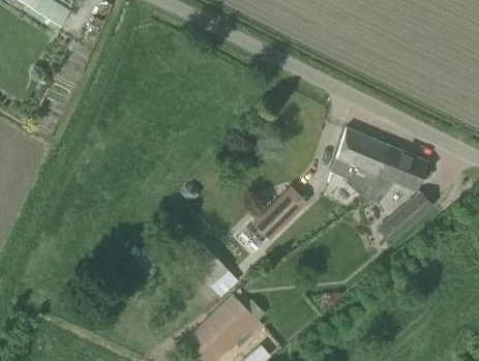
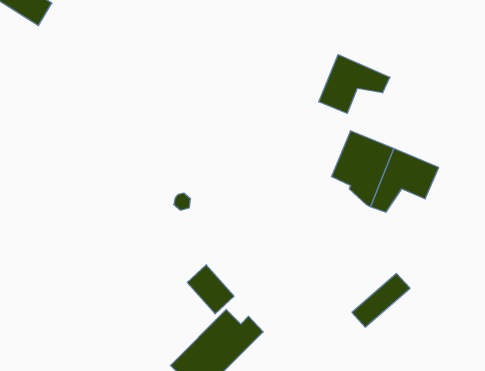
building: none -> [319,55,390,113]
building: [256,188,305,238] -> none
building: [379,193,432,243] -> [352,274,410,327]

